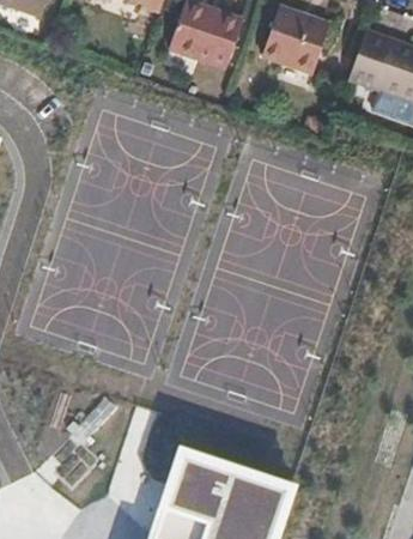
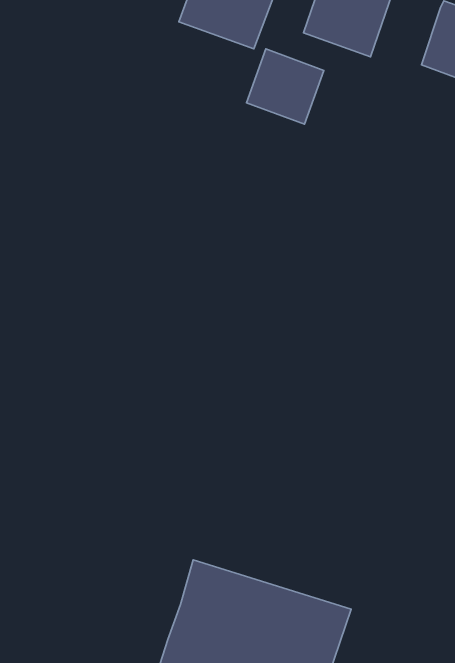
building: none -> [246,49,324,124]

